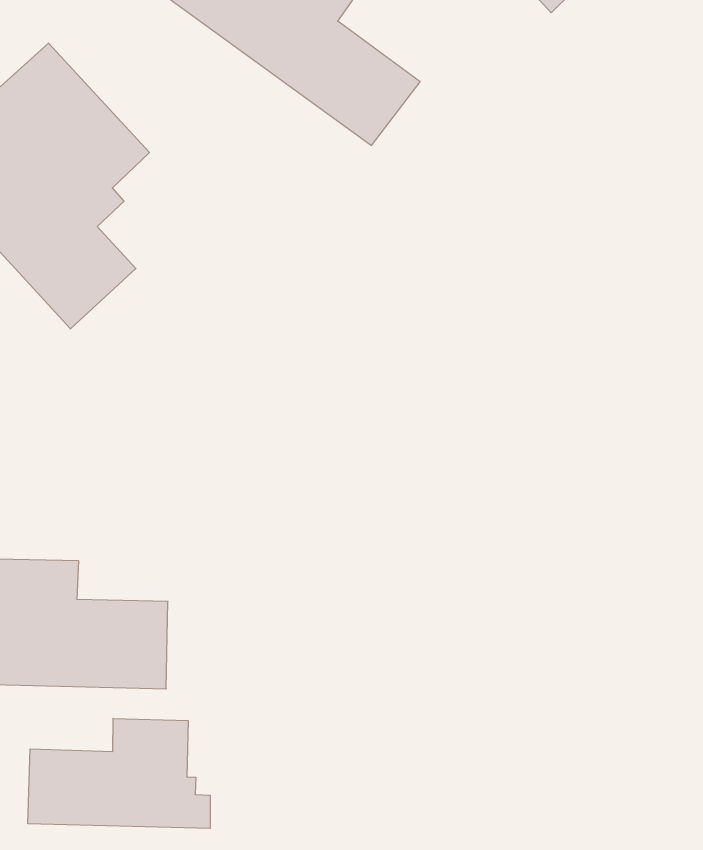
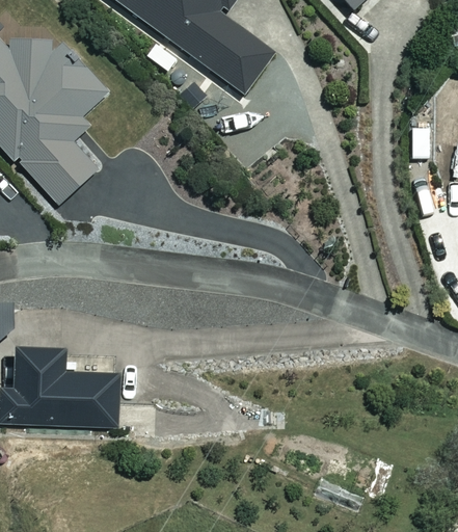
building: [28,718,210,828] -> none

